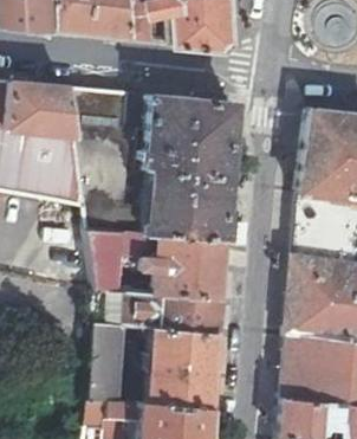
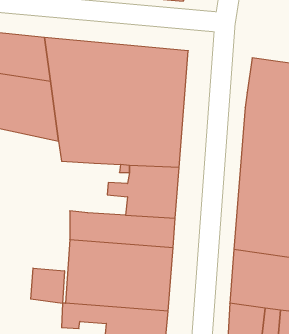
building: [86,232,124,292] -> none
building: none -> [31,268,64,304]

